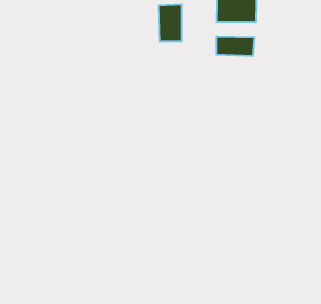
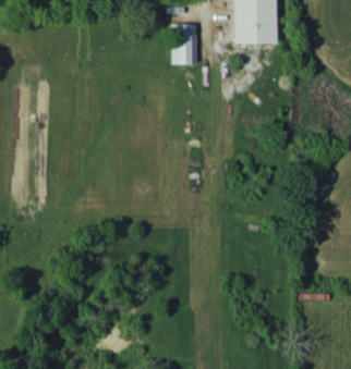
building: [216,36,254,56] -> none

